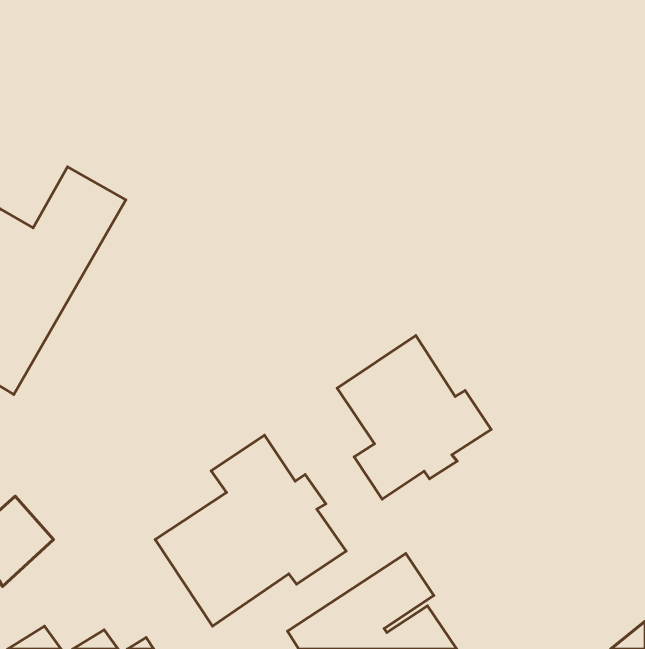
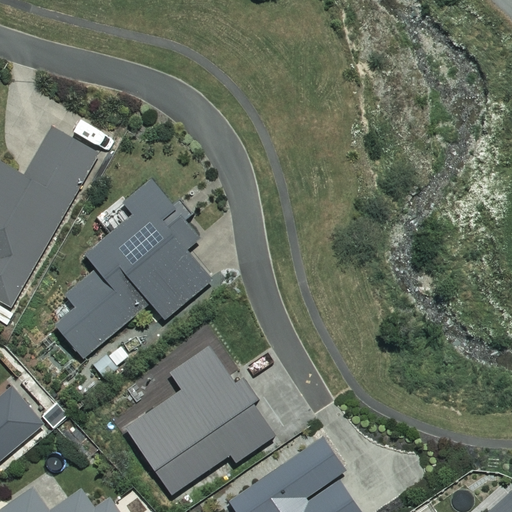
building: none -> [58,182,213,361]
building: [337,335,491,499] -> none

